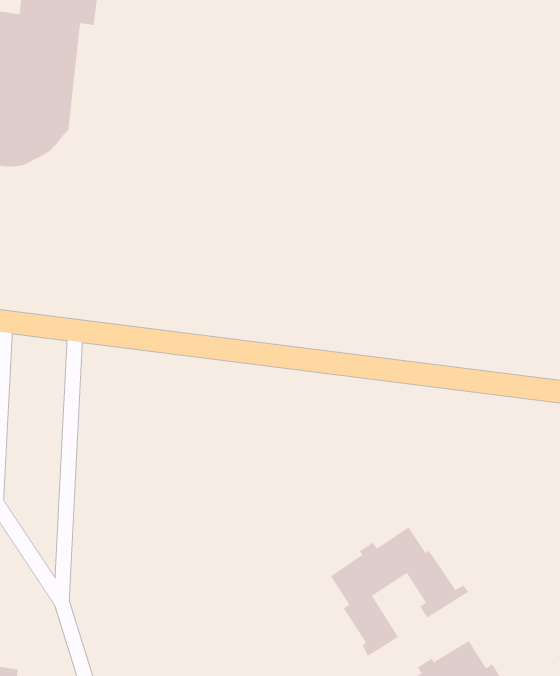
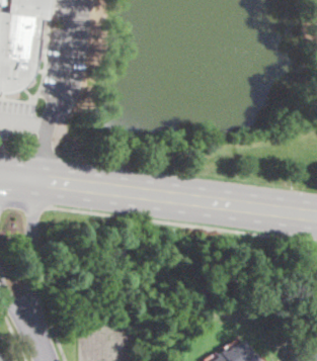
building: [330,526,469,657] -> none

